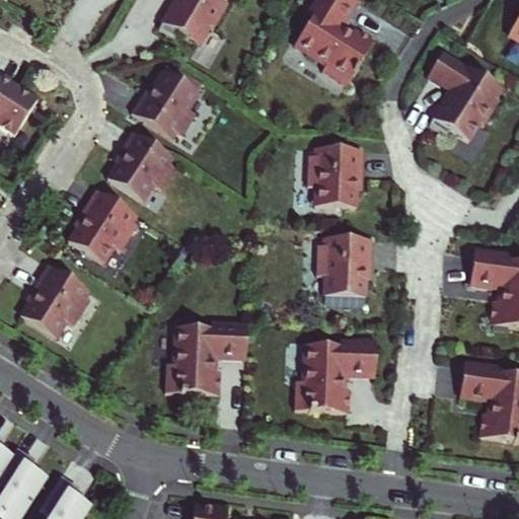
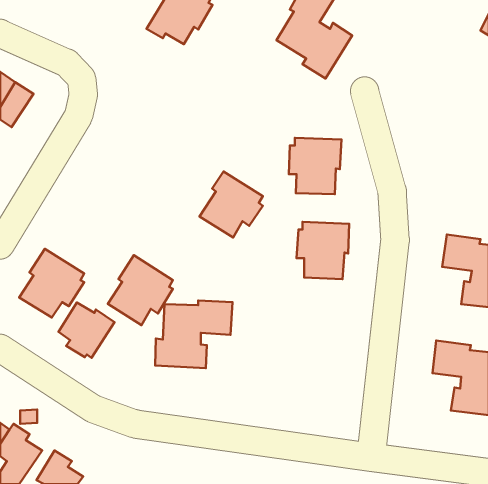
building: [429,52,504,141] -> none
building: [131,69,198,138] -> none
building: [114,134,180,204] -> [200,171,263,237]
building: [69,189,138,263] -> [108,255,173,325]
building: none -> [58,302,115,358]
building: [293,324,374,395] -> none

